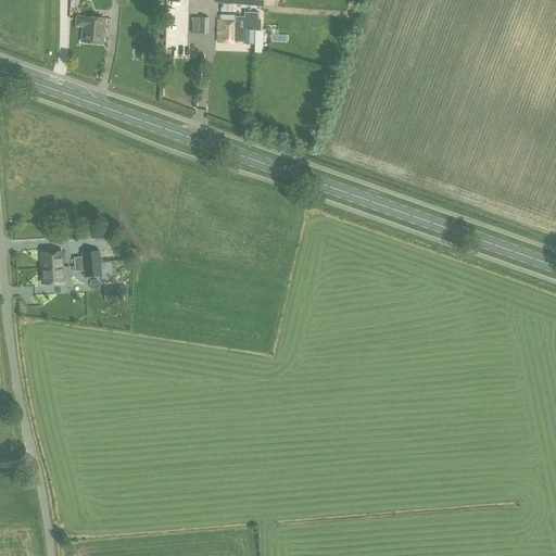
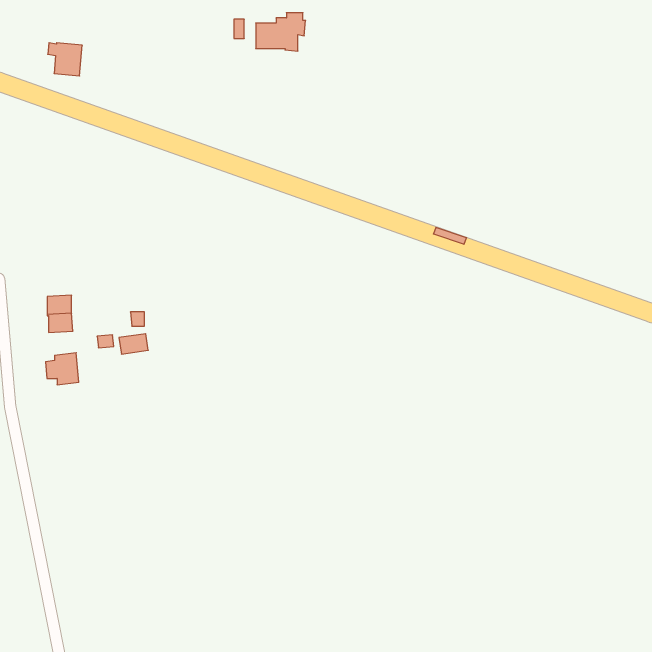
building: [75,15,104,43] -> [48,43,82,76]
building: [73,249,101,276] -> [46,353,79,385]

